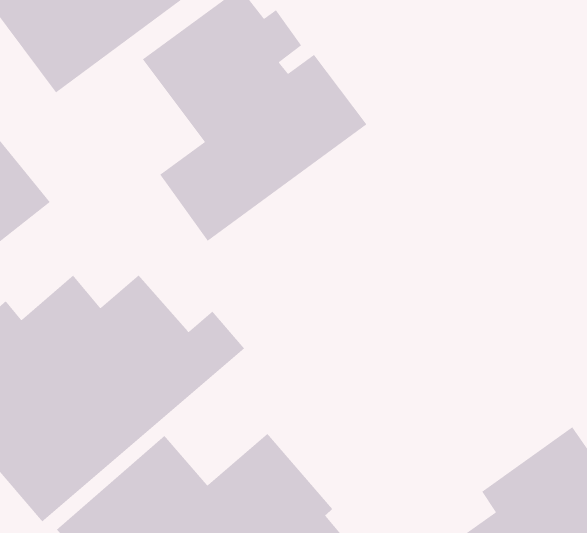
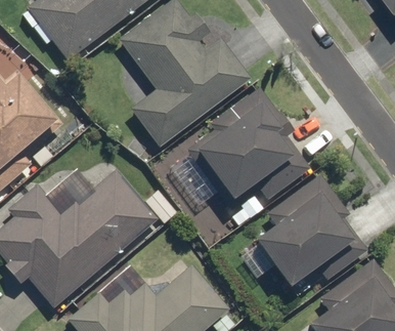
building: none -> [186,86,309,210]
building: none -> [250,172,370,290]

